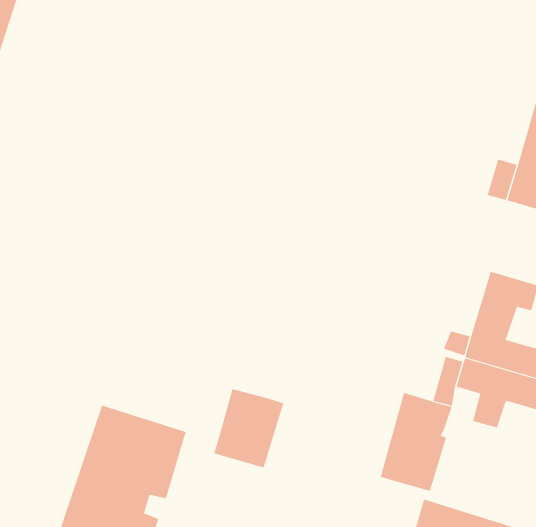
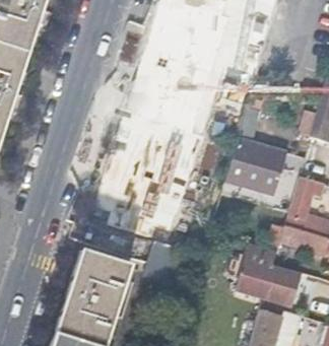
building: none -> [229,137,294,196]
building: none -> [268,270,302,307]

